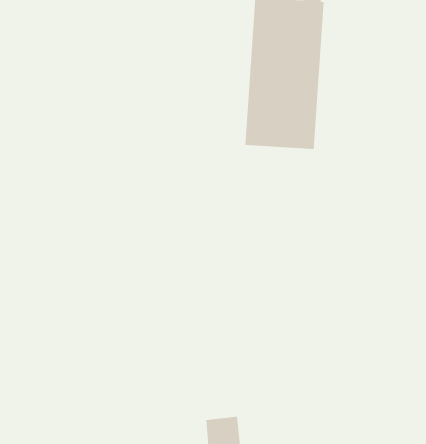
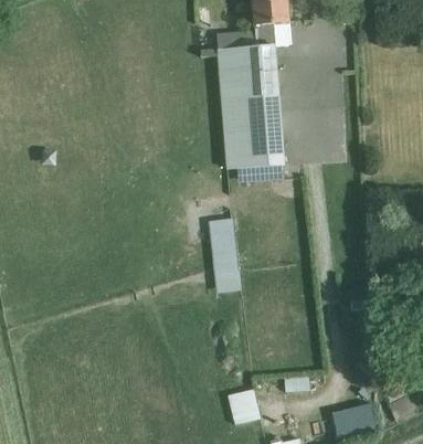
building: none -> [207,216,243,293]

